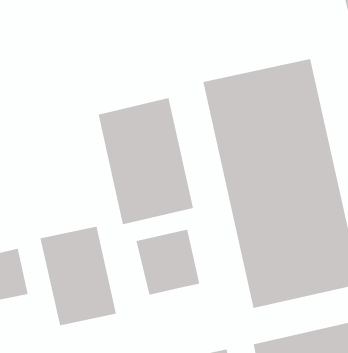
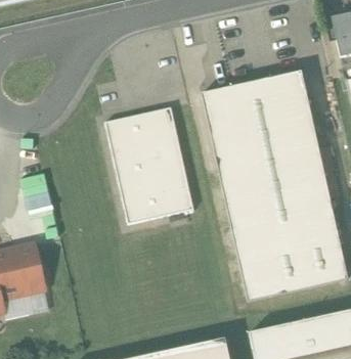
building: [40,226,117,326] -> none
building: [136,229,200,295] -> none

